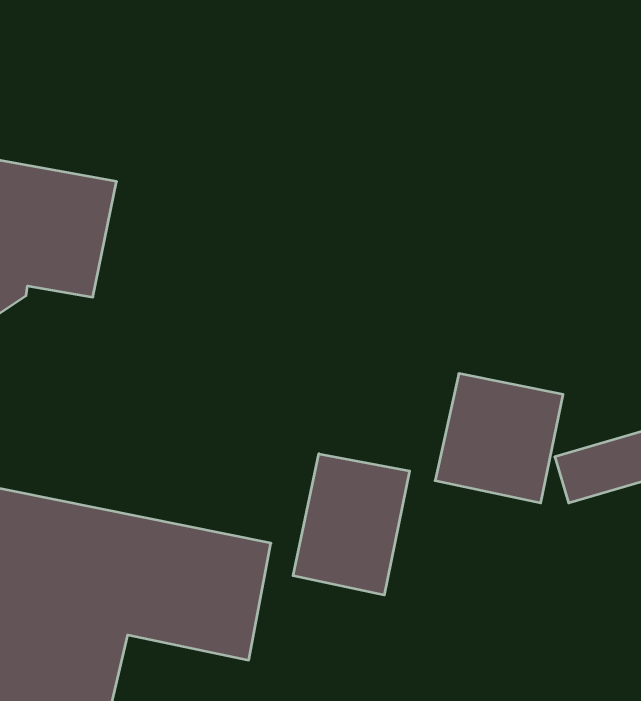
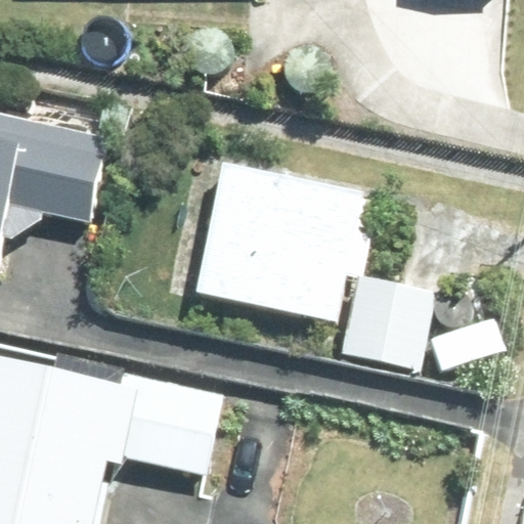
building: none -> [198,160,363,320]
building: [293,454,410,595] -> none

